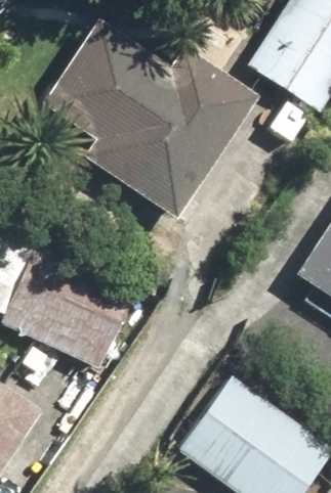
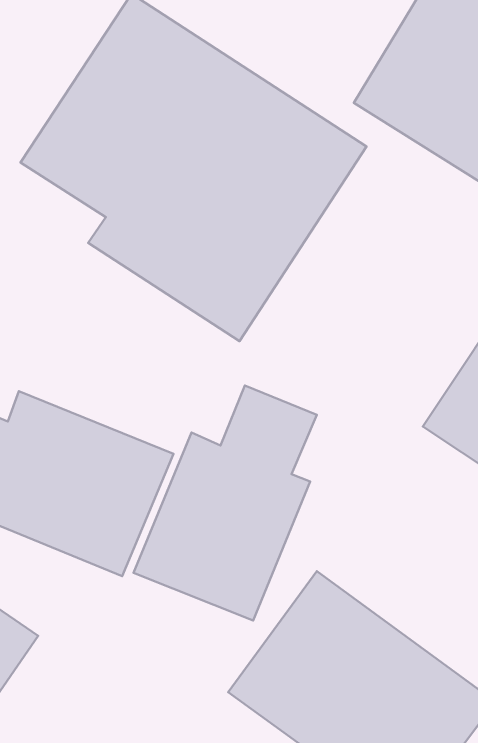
building: none -> [133,385,317,621]

